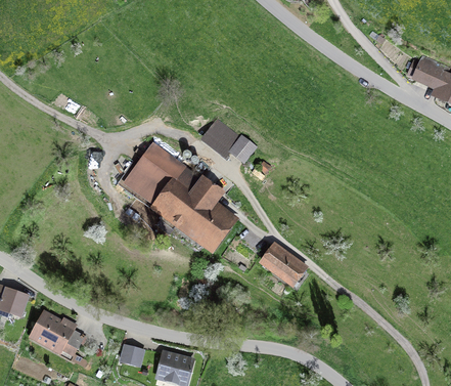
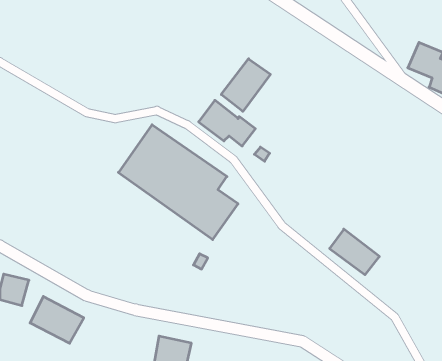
building: none -> [221,59,270,111]
building: [260,244,310,290] -> [330,229,379,275]
building: [121,344,144,368] -> none

